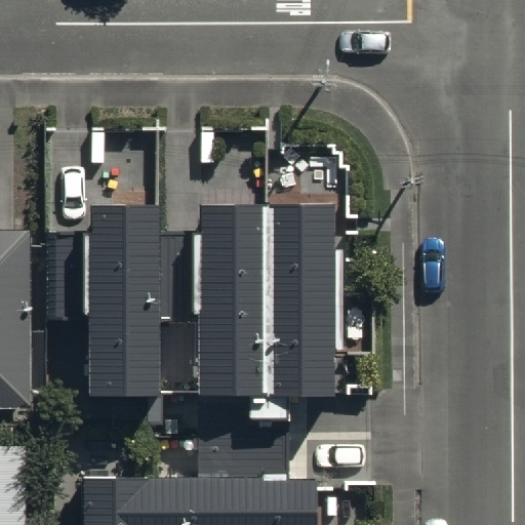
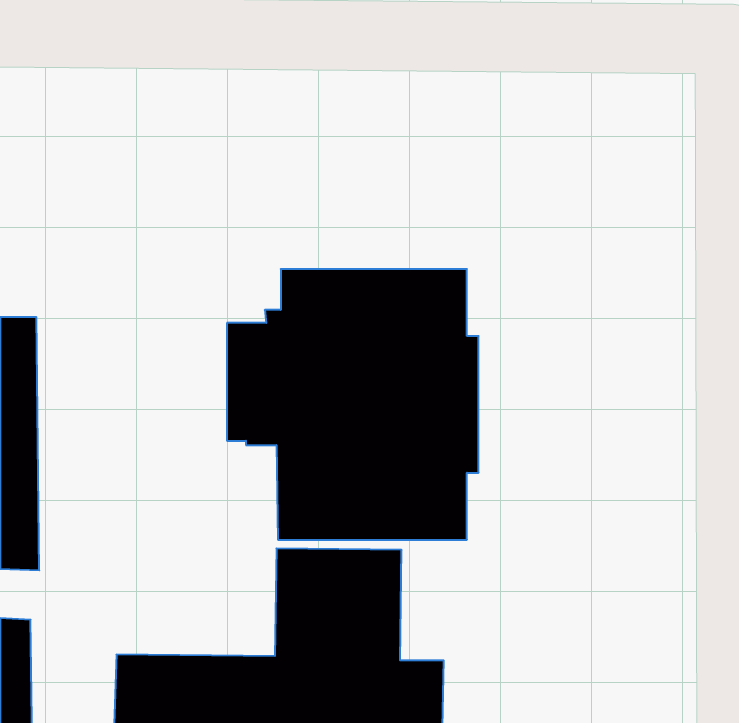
building: [53,213,160,406] -> none

